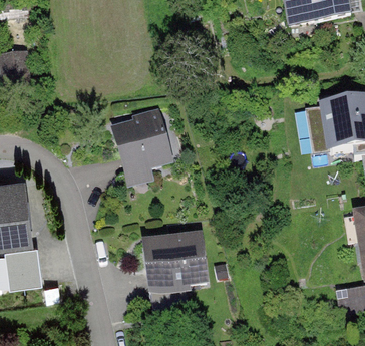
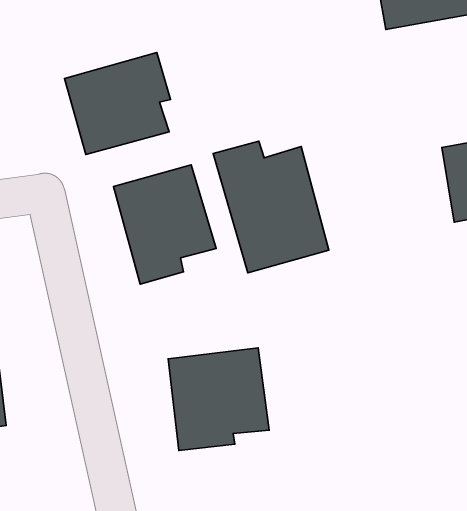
building: none -> [65,53,171,154]
building: none -> [213,141,329,273]

